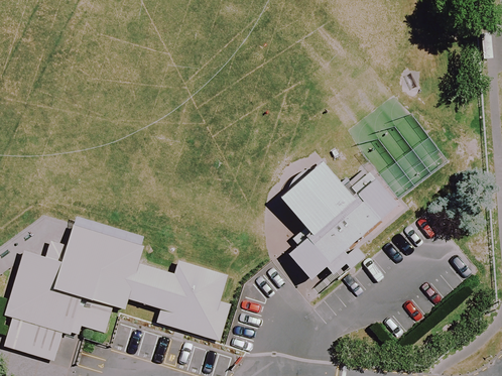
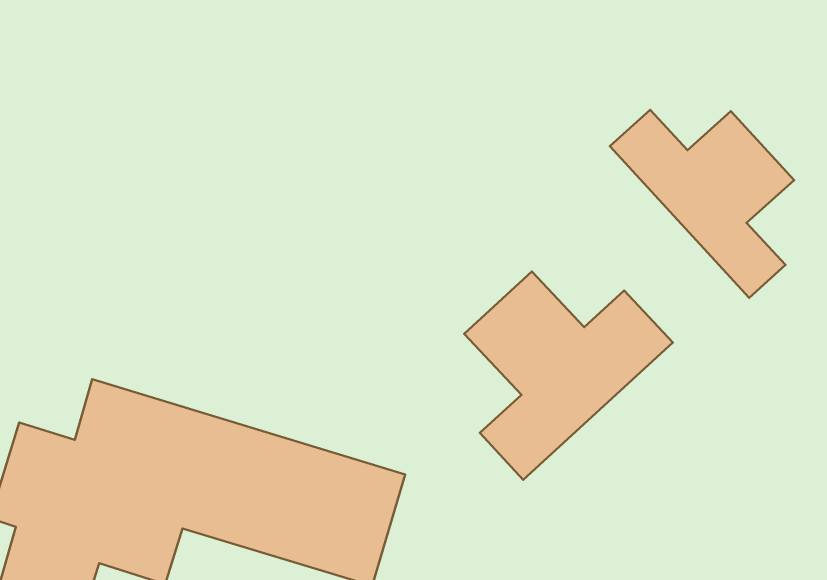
building: none -> [610,110,794,298]

